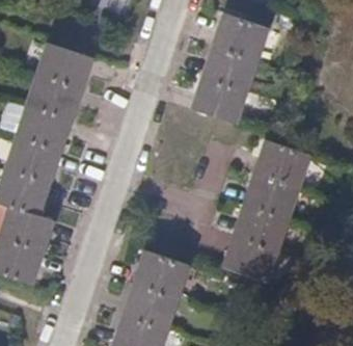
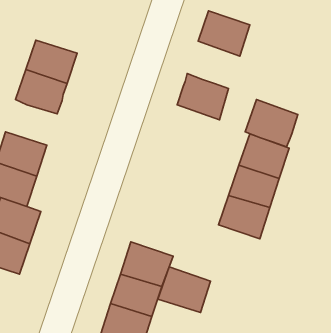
building: [203,44,257,92] -> [245,99,298,147]
building: [17,104,70,151] -> none
building: [224,233,278,280] -> [158,267,210,312]

